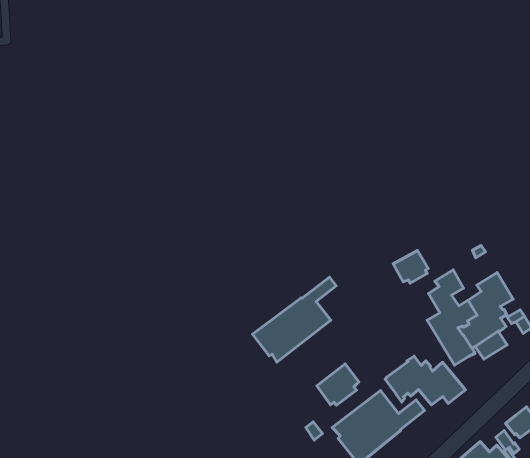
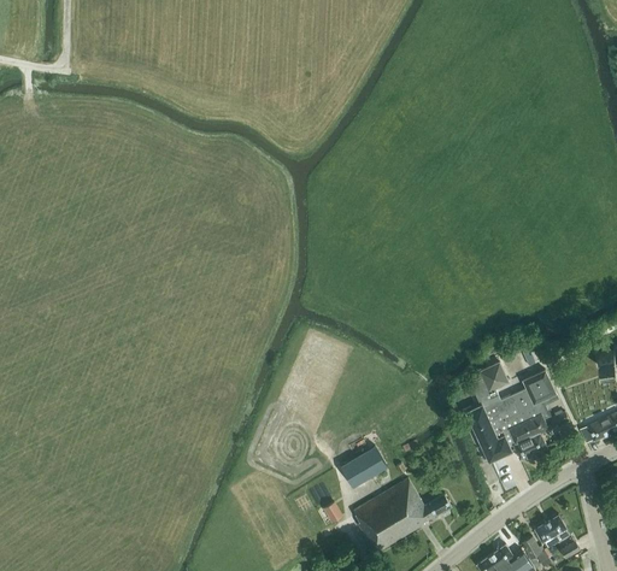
building: [393,250,428,283] -> none
building: [253,277,336,362] -> none
building: [385,356,465,405] -> none

